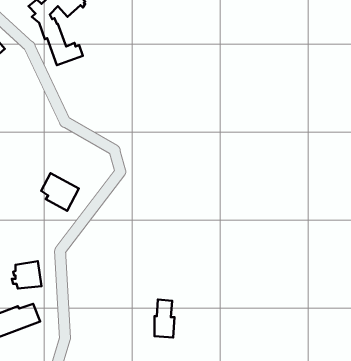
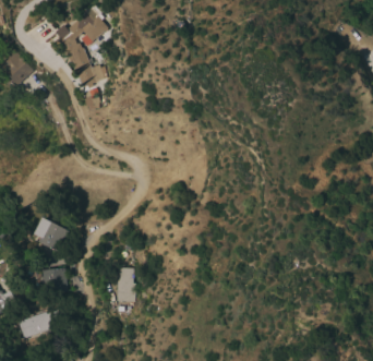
building: [41,173,79,211] -> [34,217,69,252]
building: [154,300,174,337] -> [117,267,135,302]

